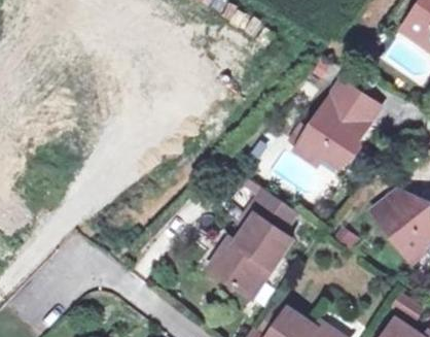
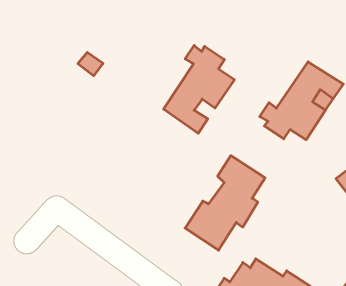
building: none -> [164,45,234,133]

